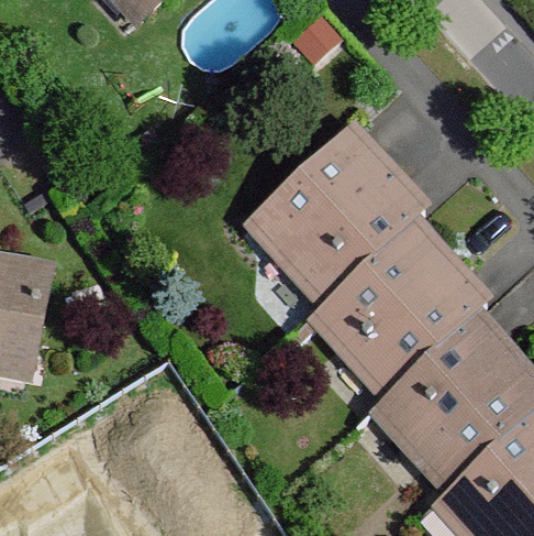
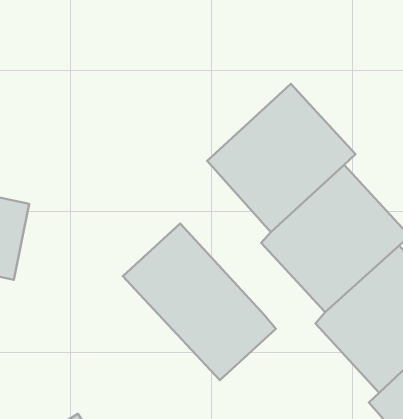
building: none -> [123,223,276,380]

